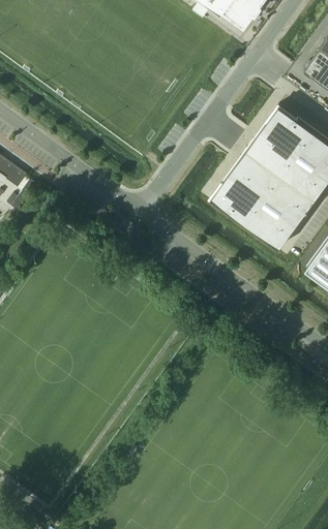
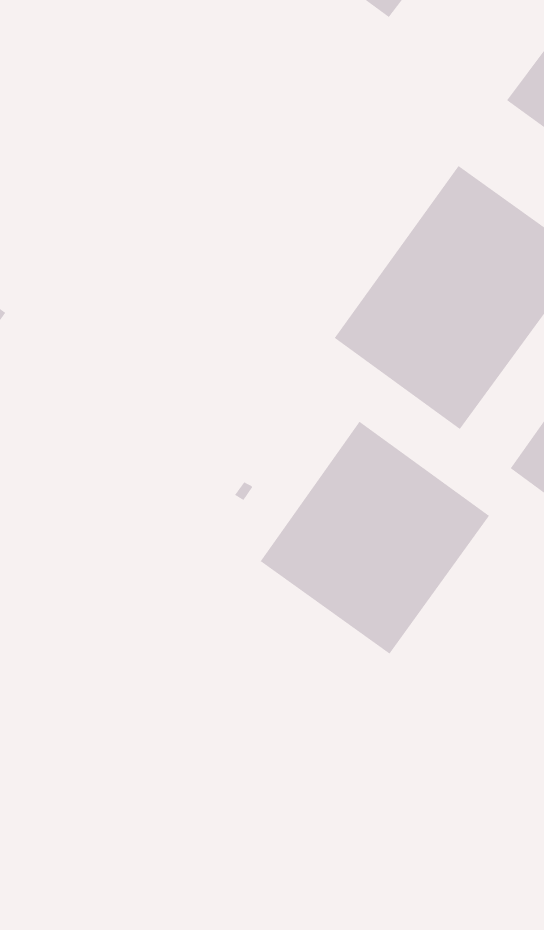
building: none -> [260,421,490,655]

